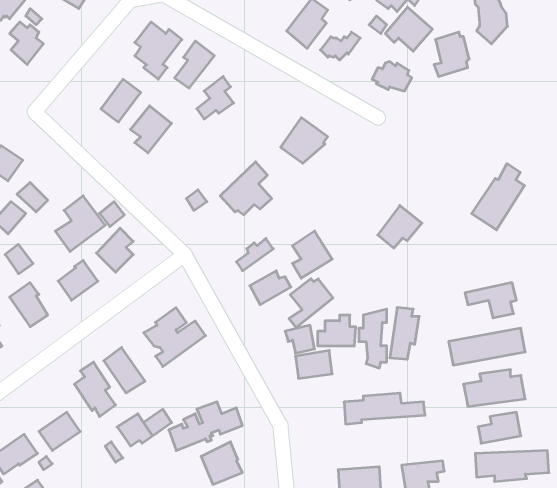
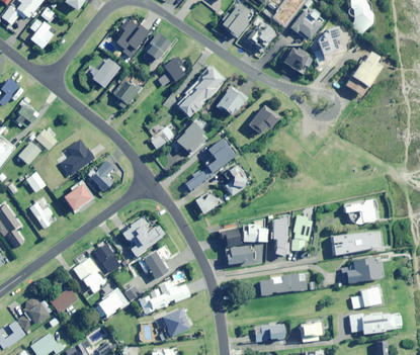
building: none -> [177,66,224,116]
building: [472,164,525,230] -> [345,51,382,96]
building: [378,205,422,248] -> [249,105,279,135]
building: [289,279,333,327] -> [206,139,237,172]
building: none -> [139,245,173,279]

